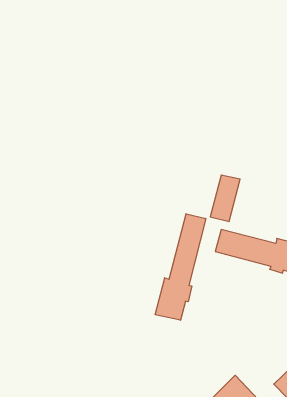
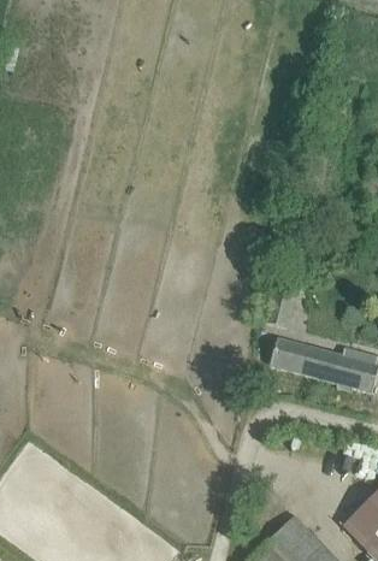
building: [155,214,206,320] -> none

